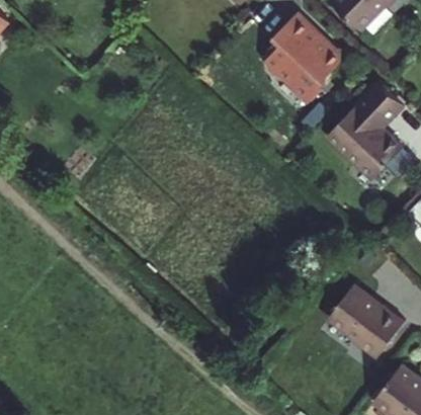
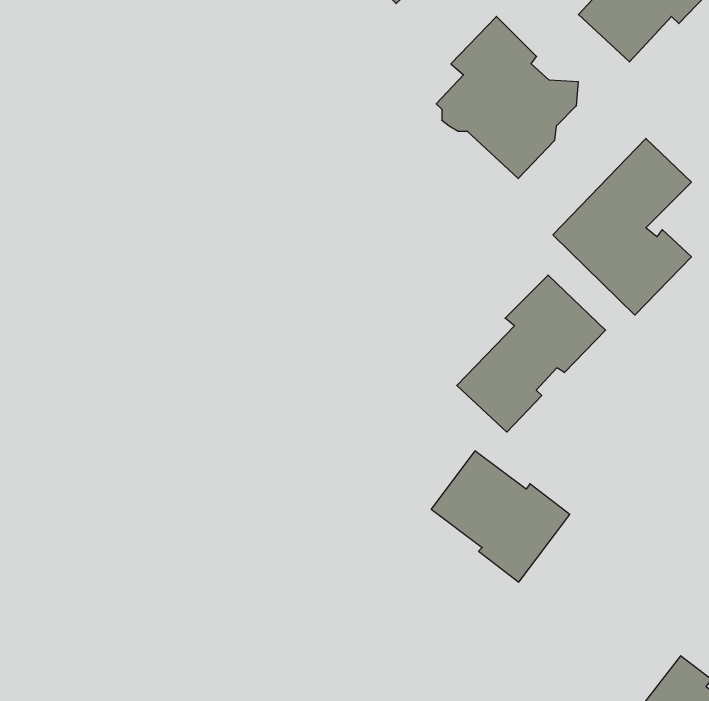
building: none -> [457,275,606,432]
building: [329,285,406,358] -> [431,451,570,582]

